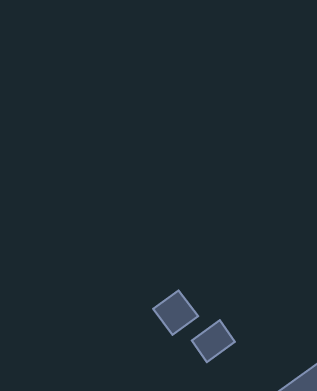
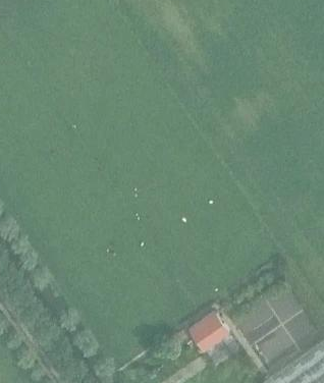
building: [153,290,198,335] -> none

